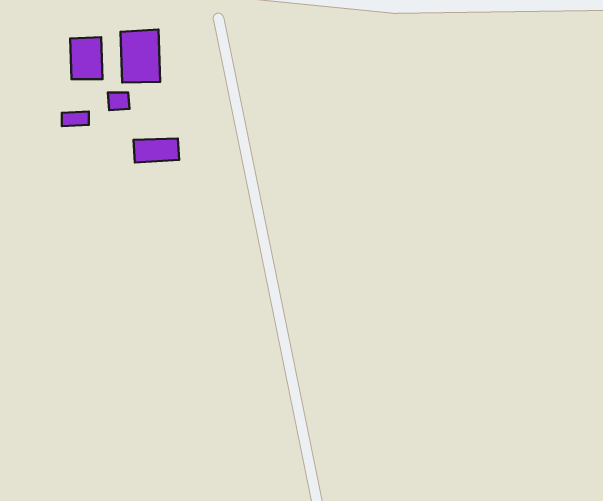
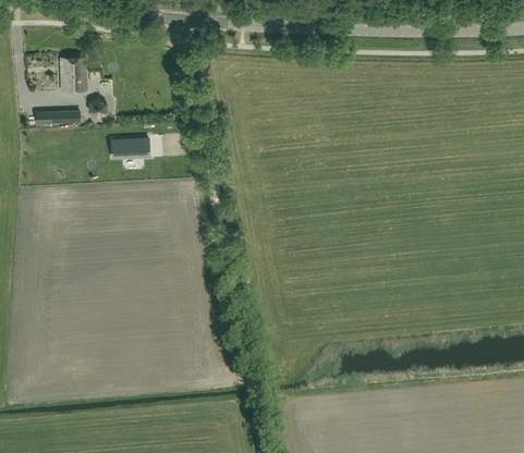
building: [121,29,160,83] -> none

